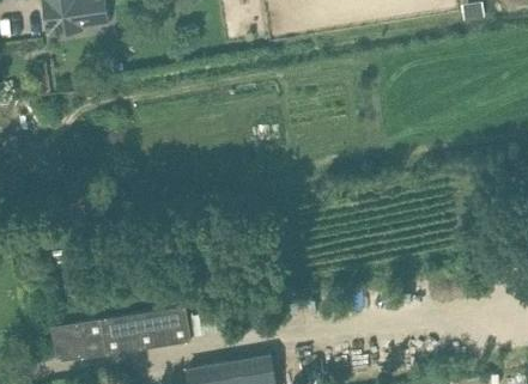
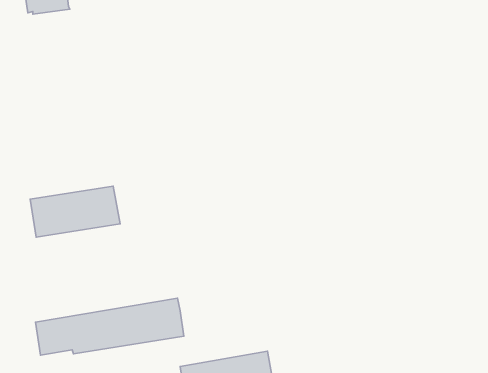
building: none -> [30,186,120,237]

